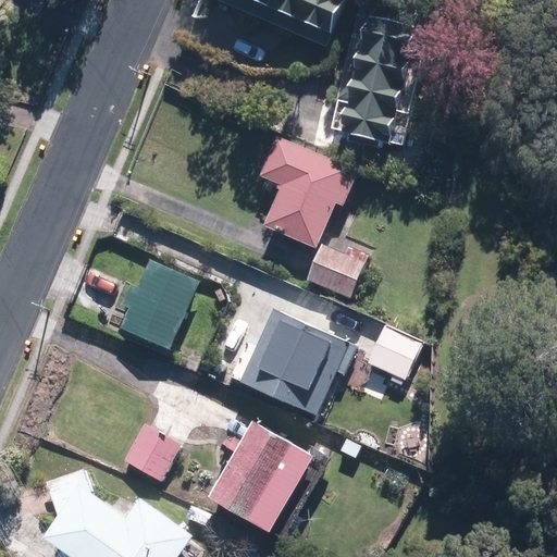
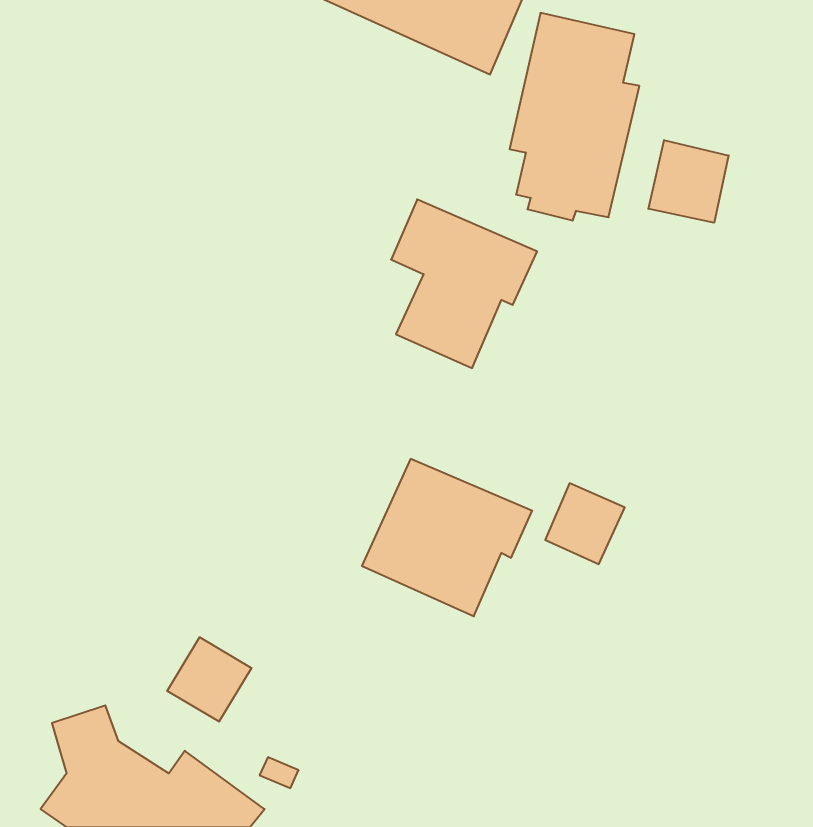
building: none -> [648,140,729,223]
building: [306,244,366,298] -> none
building: [120,258,200,348] -> none
building: [194,430,295,537] -> none

